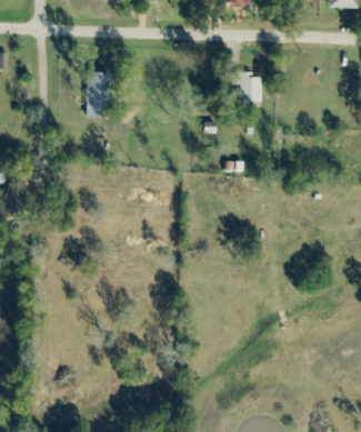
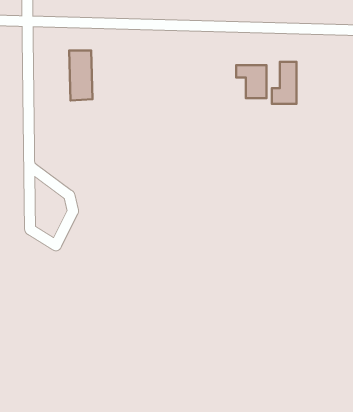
building: none -> [272,62,297,104]

